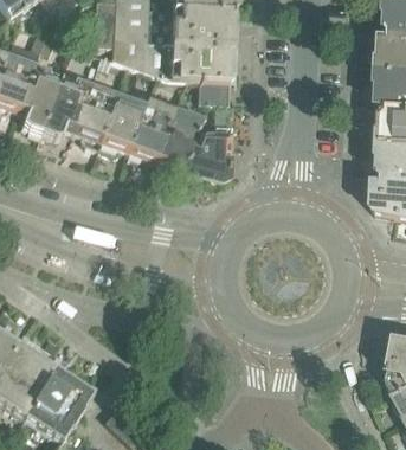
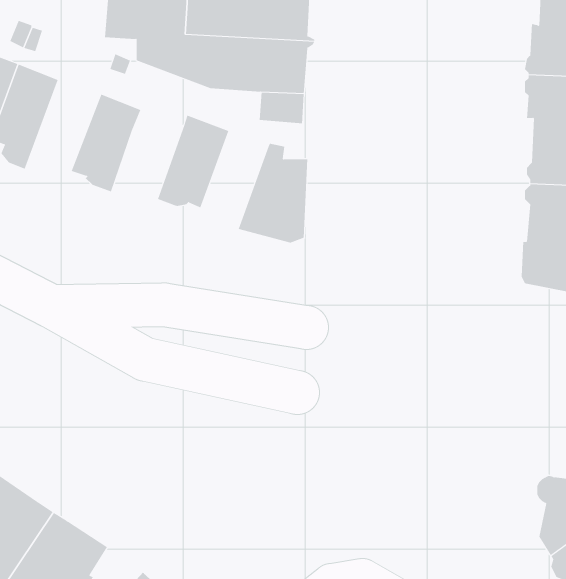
building: [39,72,90,137] -> none
building: [97,92,146,154] -> none
building: [157,107,202,173] -> none

